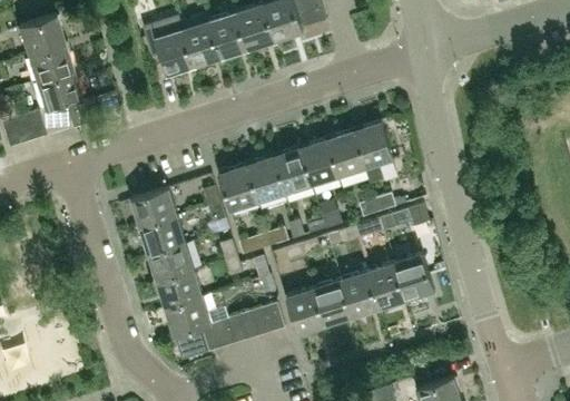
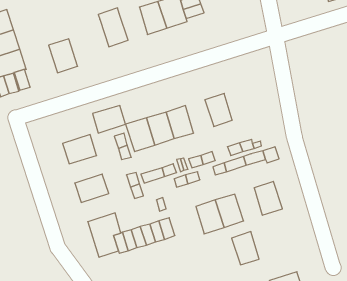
building: [209,11,248,57] -> none
building: [155,28,195,75] -> [49,39,78,73]
building: [354,121,393,182] -> none
building: [301,139,340,185] -> none
building: [140,216,186,254] -> [93,106,126,133]
building: [368,261,406,306] -> [232,232,259,265]
building: [157,268,204,307] -> none
building: [287,286,326,332] -> none

